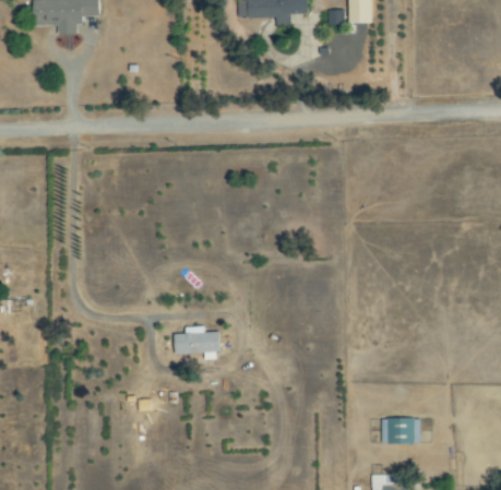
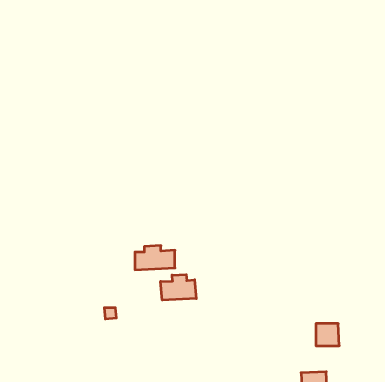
building: none -> [161,275,196,300]

